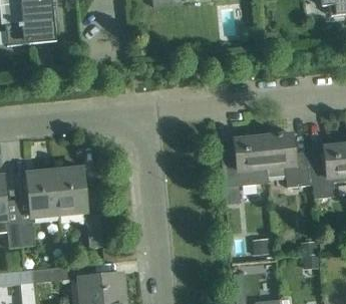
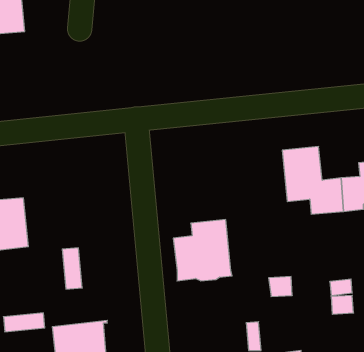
building: [220,136,267,186] -> [173,220,232,281]
building: [54,169,86,214] -> none

